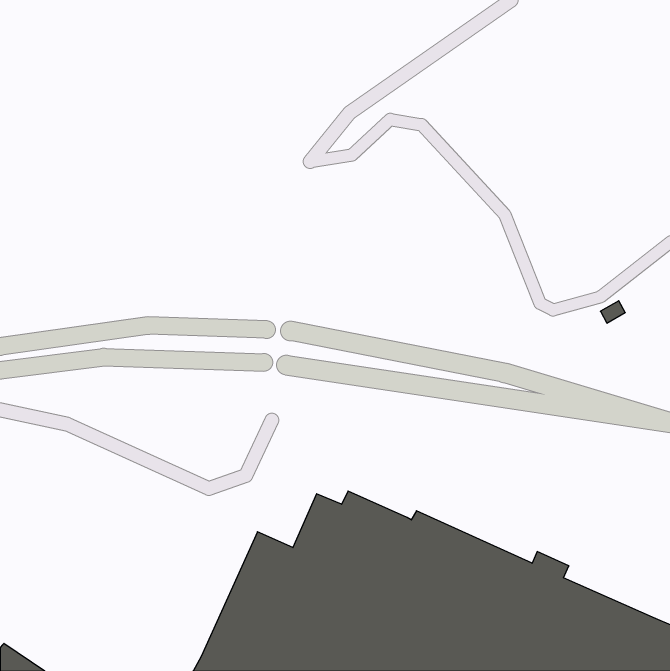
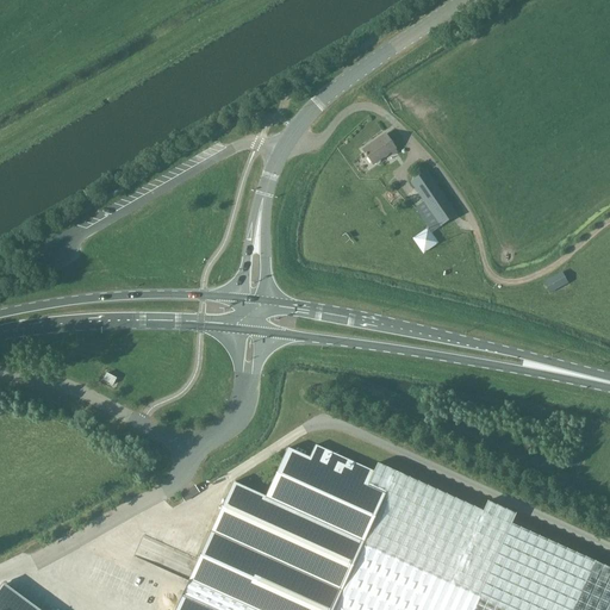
building: none -> [365,133,398,164]
building: none -> [411,172,458,232]

